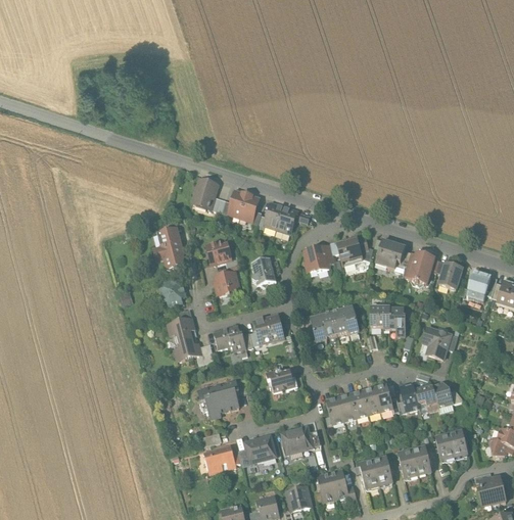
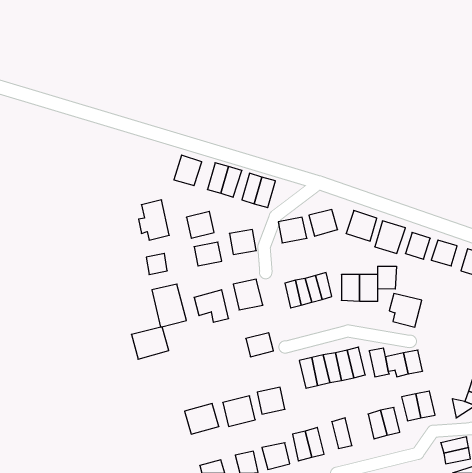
building: none -> [378,266,396,289]
building: [202,381,242,416] -> [131,327,169,359]
building: [373,456,395,488] -> none

